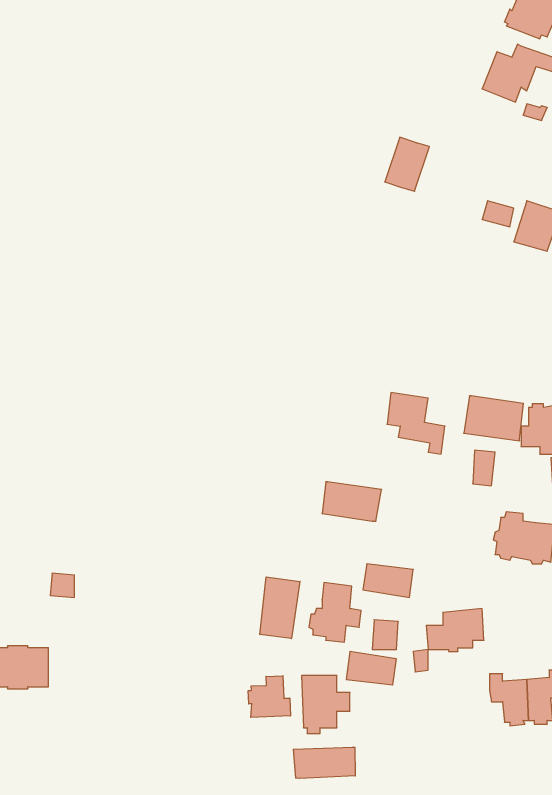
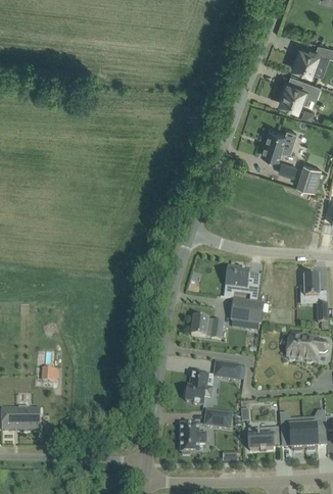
building: [385,137,429,191] -> [261,129,286,158]
building: [464,396,523,441] -> [231,299,264,324]
building: [260,577,300,639] -> none
building: [426,609,484,651] -> [248,427,280,450]
building: [248,676,290,717] -> none
building: [293,747,355,778] -> none

